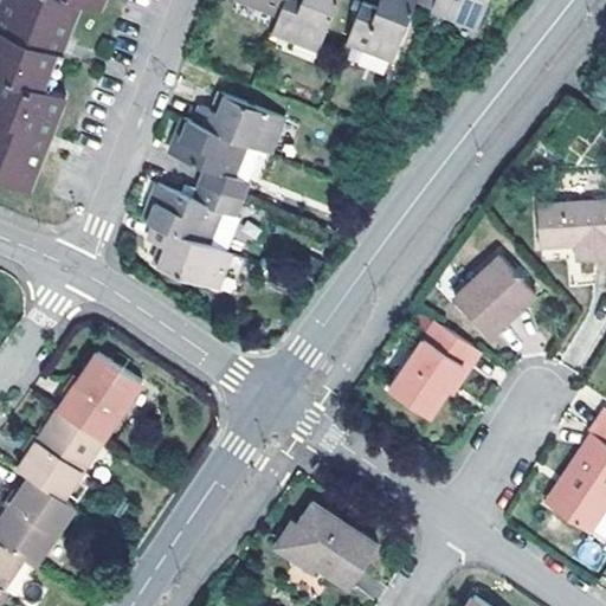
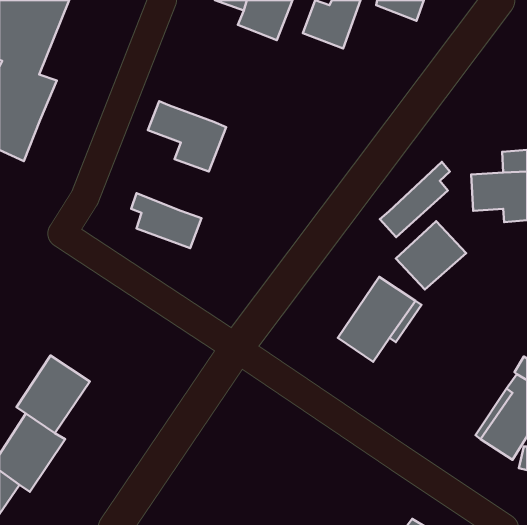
building: [194,95,282,153] -> none
building: [149,185,239,250] -> none
building: none -> [380,162,450,237]
building: [58,353,141,440] -> none
building: [277,504,378,588] -> none

